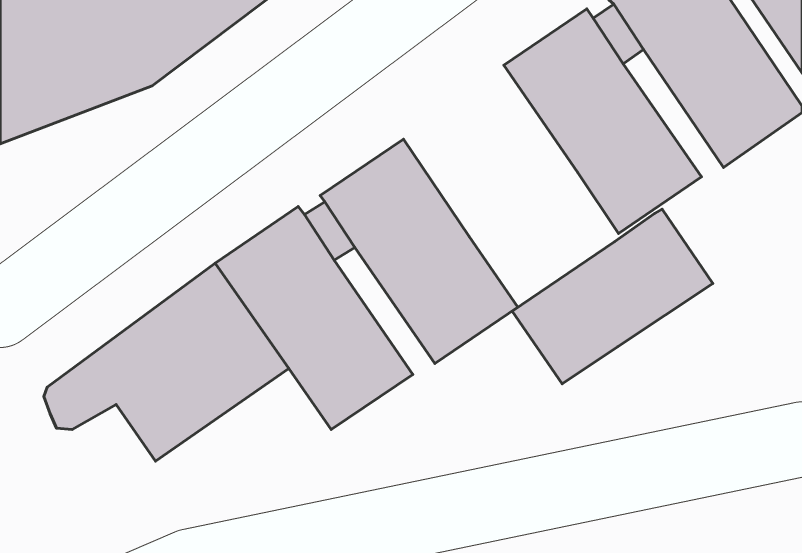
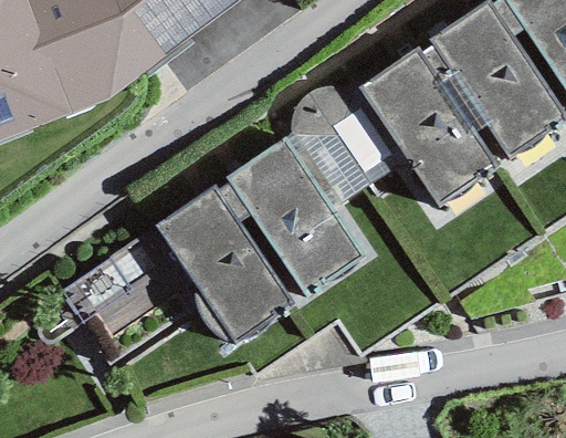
building: none -> [284,84,407,206]
building: [512,209,713,384] -> none

